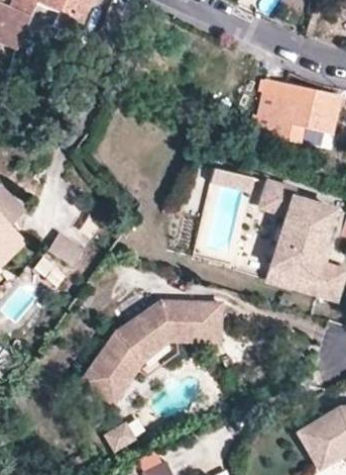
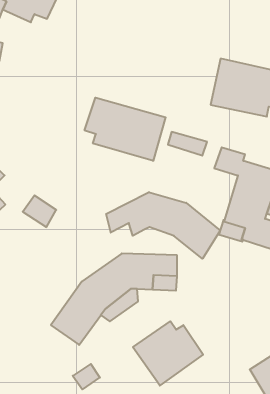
building: none -> [85,98,166,161]
building: none -> [106,192,220,259]
building: none -> [133,321,203,386]

